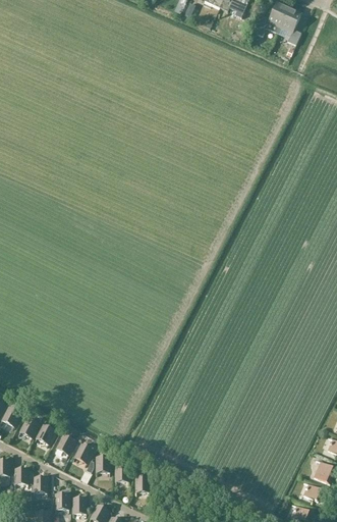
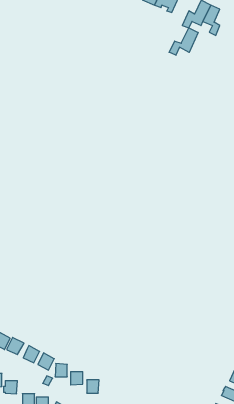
building: none -> [169,28,198,55]

